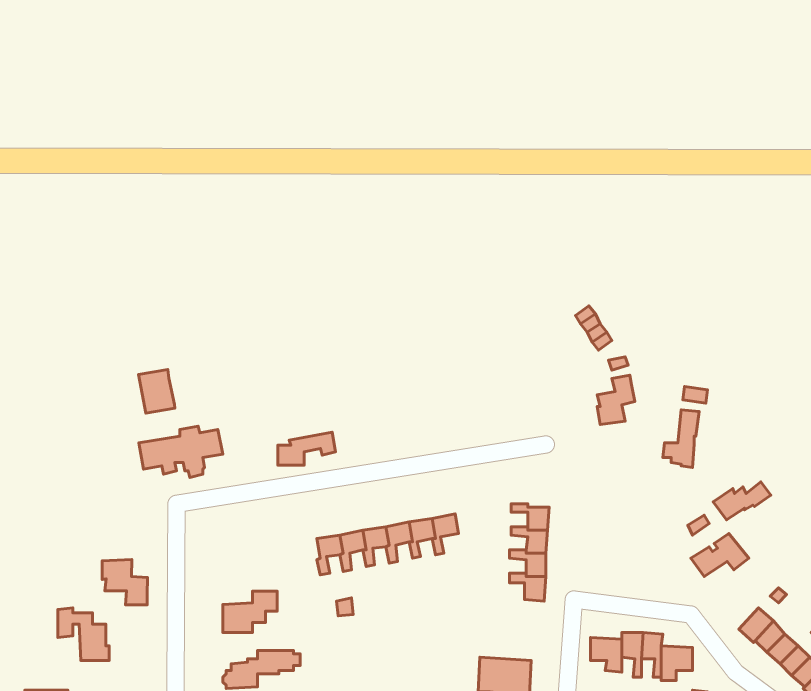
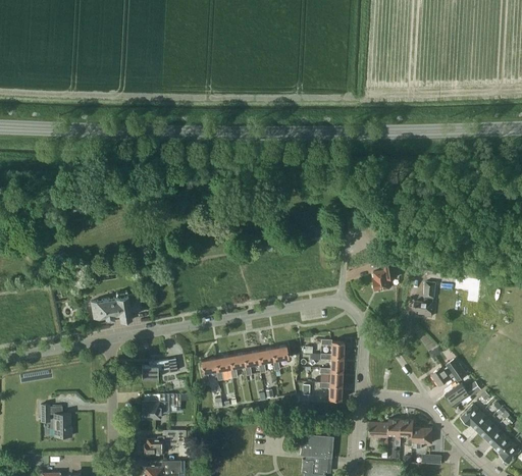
building: [138,369,175,413] -> none
building: [278,432,335,465] -> [142,358,177,378]
building: [713,482,771,520] -> [446,381,481,405]
building: [102,560,147,605] -> none

